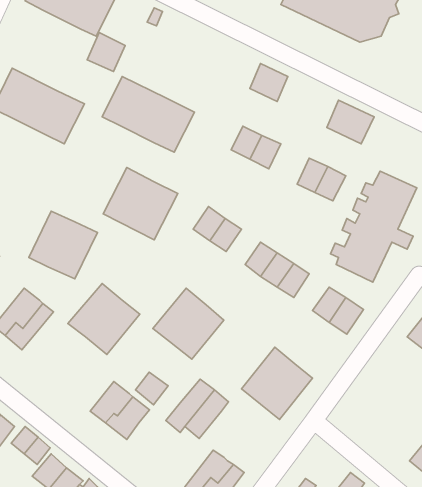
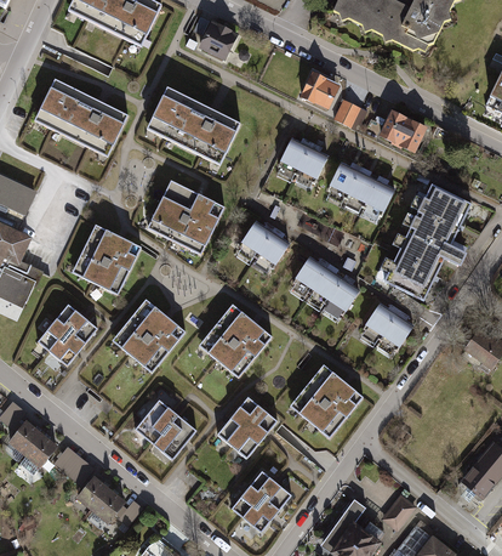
building: [87,33,125,72] -> [199,19,238,59]
building: none -> [333,98,365,129]
building: none -> [329,161,359,197]
building: [135,372,168,405] -> none

